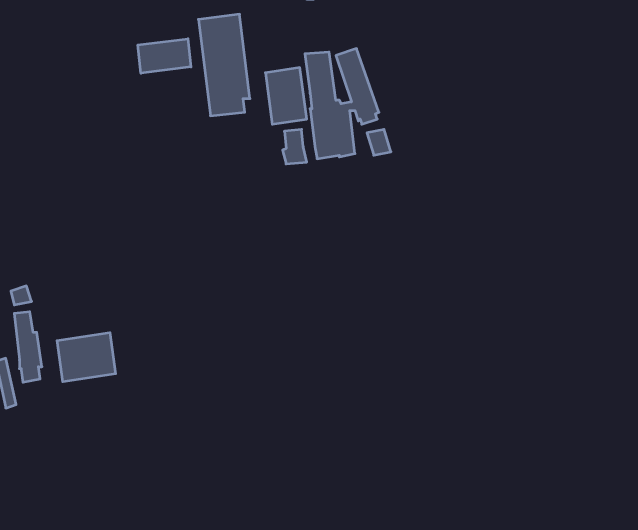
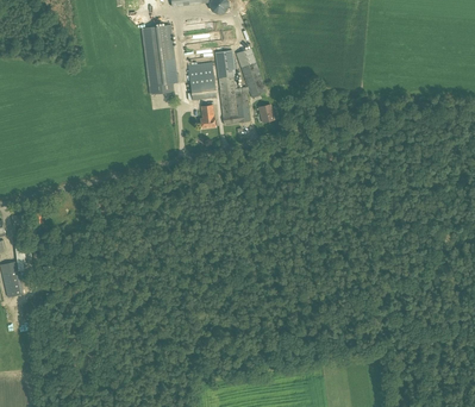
building: [138,39,191,73] -> none
building: [57,333,116,382] -> none

